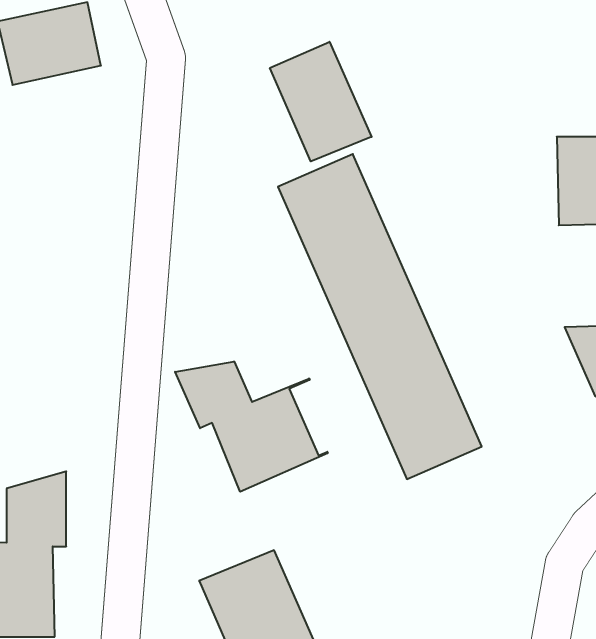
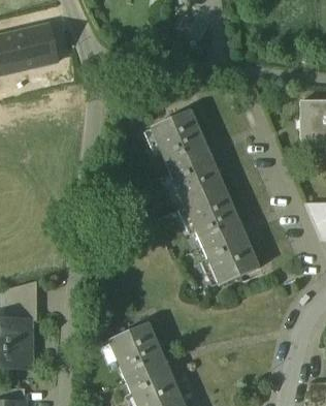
building: [270,42,372,161] -> none
building: [175,361,328,492] -> none

